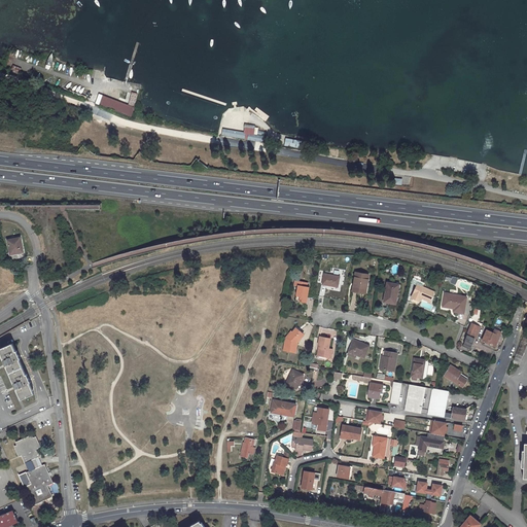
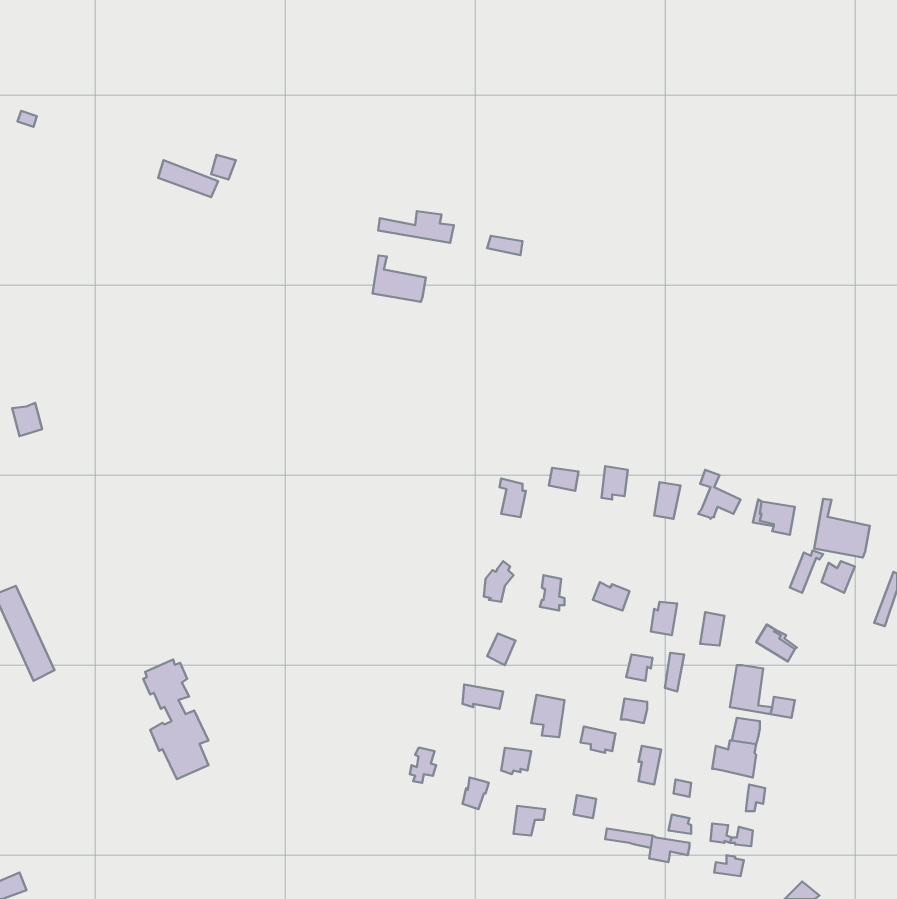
building: none -> [372,256,426,302]
building: none -> [814,499,870,558]
building: [403,385,424,413] -> none
building: [14,434,52,504] -> [143,659,208,779]

